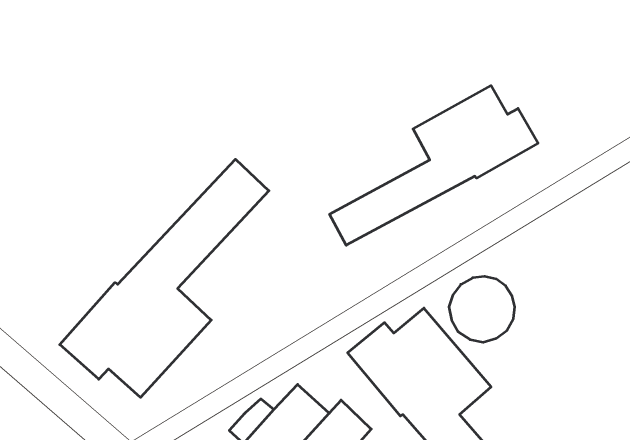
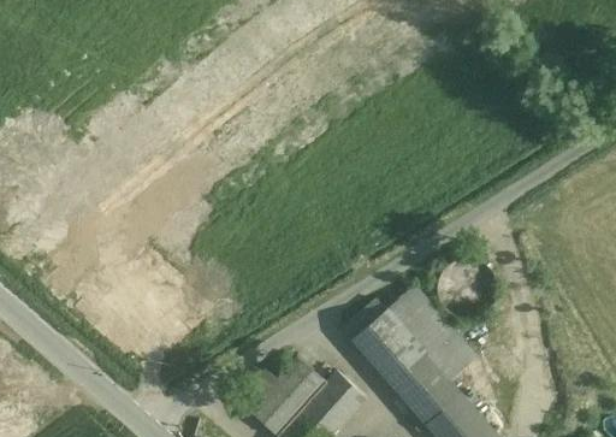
building: [330,86,538,245] -> none
building: [60,159,269,397] -> none

